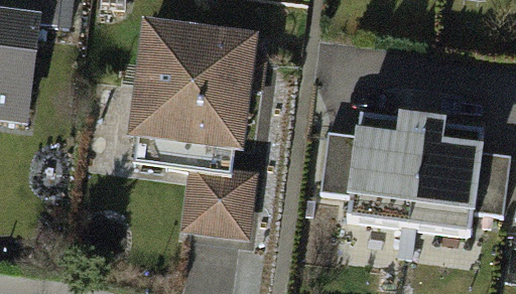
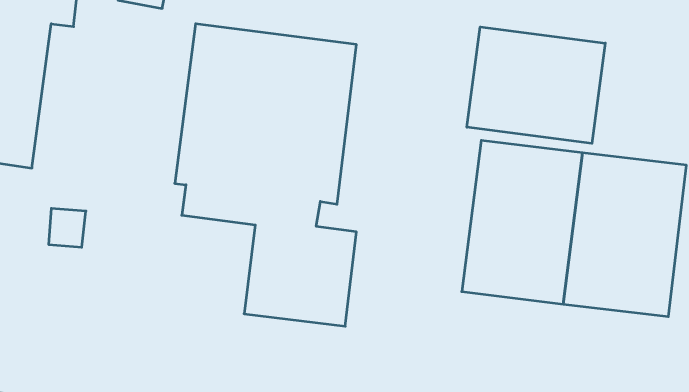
building: none -> [467,27,605,143]

